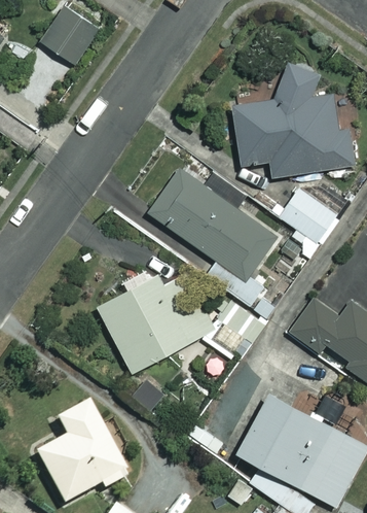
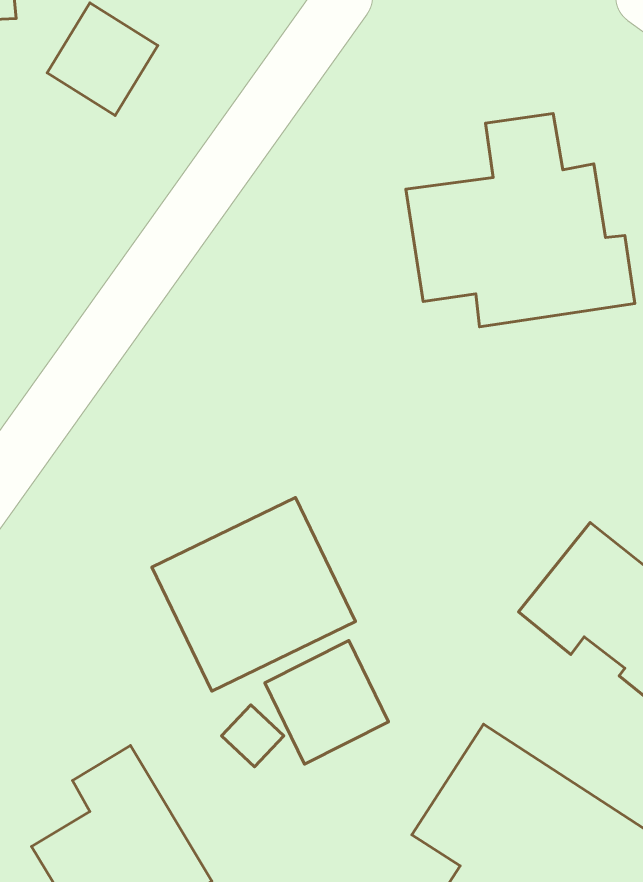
building: [148,168,278,307] -> none
building: [279,190,336,243] -> none
building: none -> [265,641,389,764]

